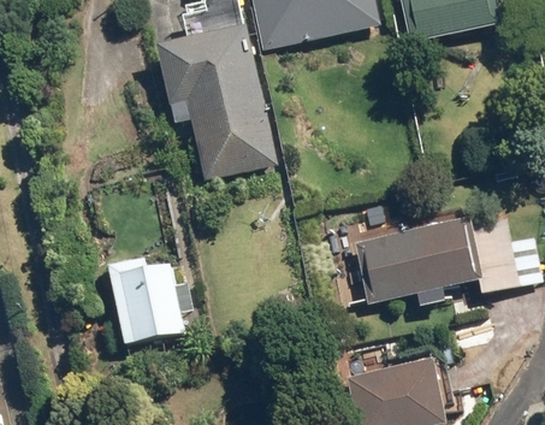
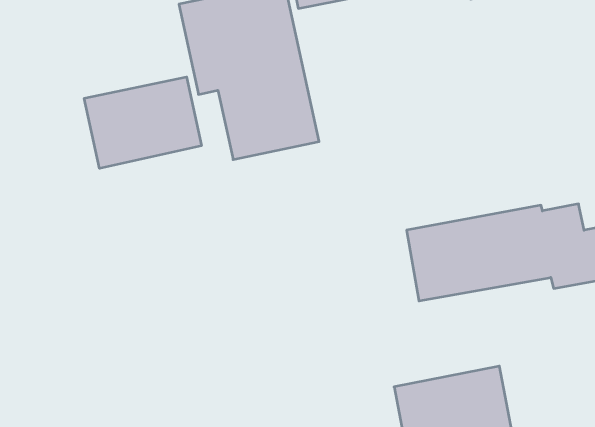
building: none -> [84,77,201,168]
building: [107,258,184,343] -> none

